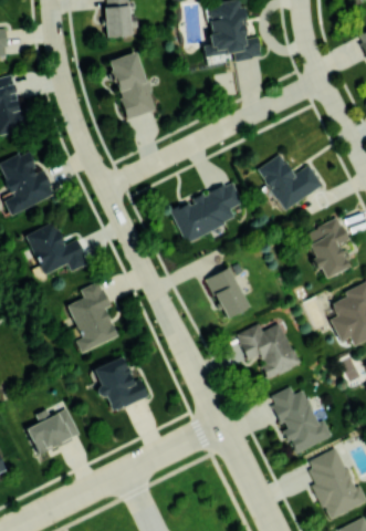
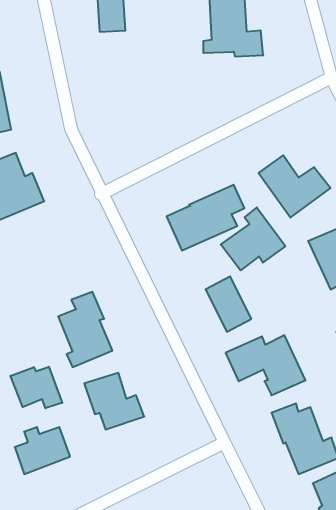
building: [111,52,155,121] -> none
building: none -> [221,207,285,270]
building: [27,222,88,275] -> none
building: none -> [10,367,62,408]

